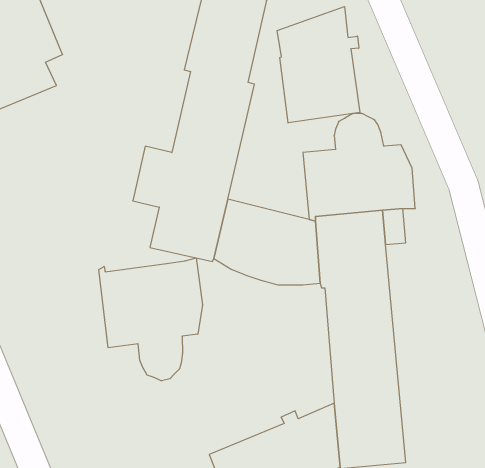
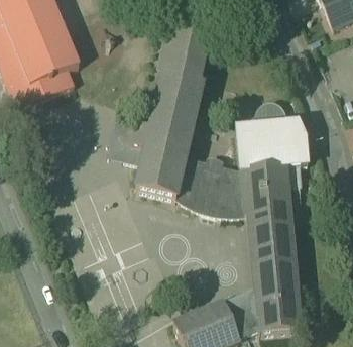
building: [277,7,360,123] -> none
building: [99,258,202,381] -> none

